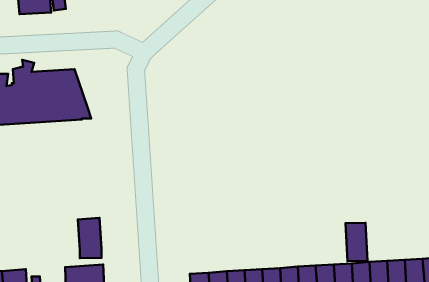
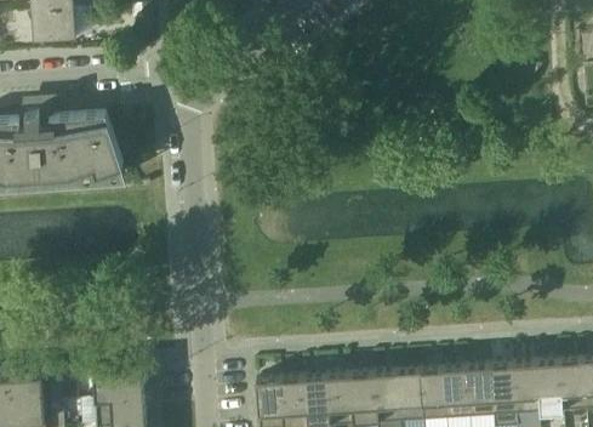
building: [78,218,102,258] -> none
building: [346,223,367,261] -> none

